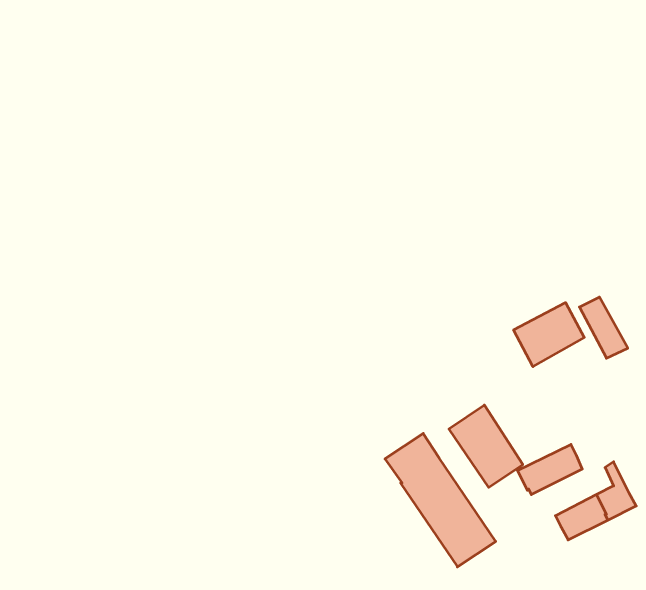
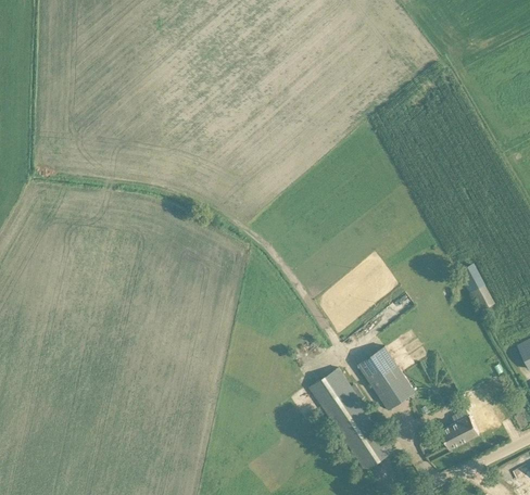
building: [514,303,584,367] -> none
building: [517,444,582,495] -> none

